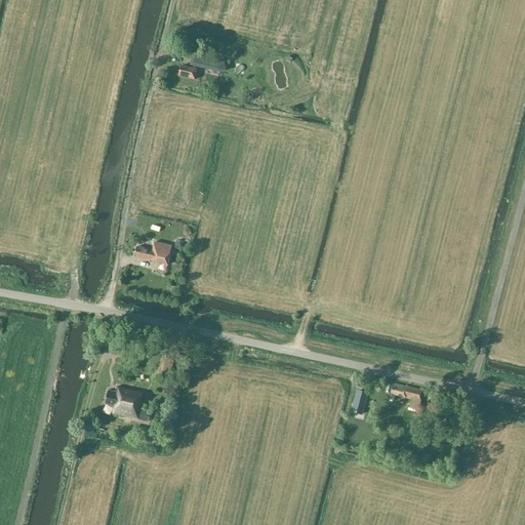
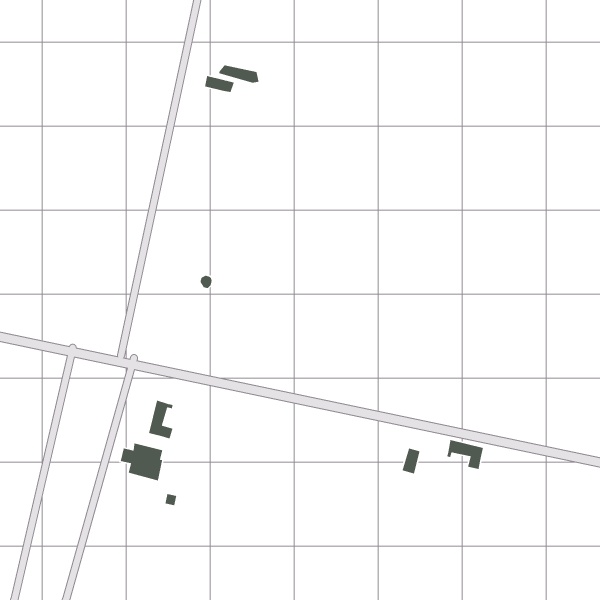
building: [134,242,171,266] -> none
building: none -> [148,400,174,440]

